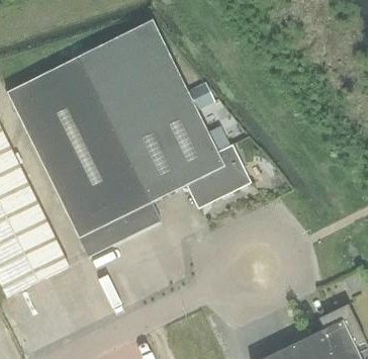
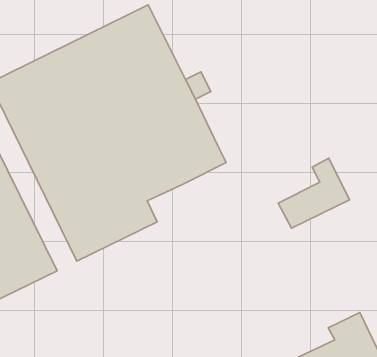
building: [186,143,252,207] -> [278,158,350,228]

